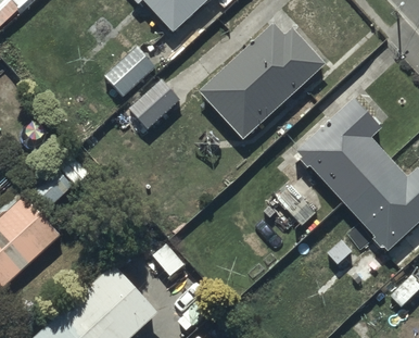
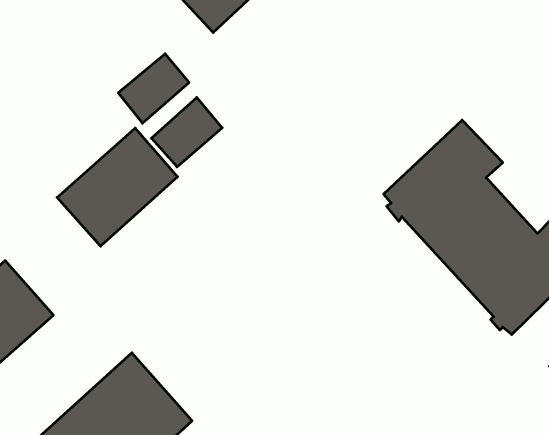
building: [199,23,326,138] -> none
building: none -> [57,128,178,246]

